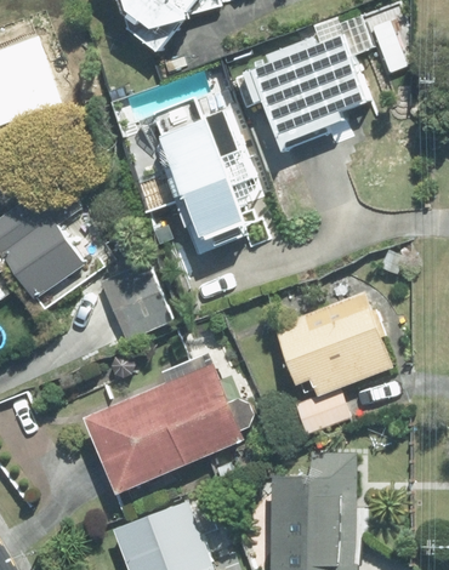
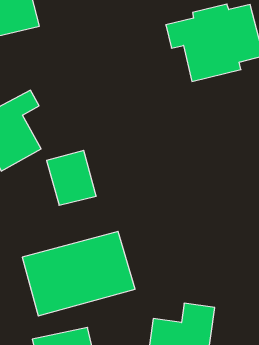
building: [149,101,257,258] -> none
building: [272,289,393,399] -> none

